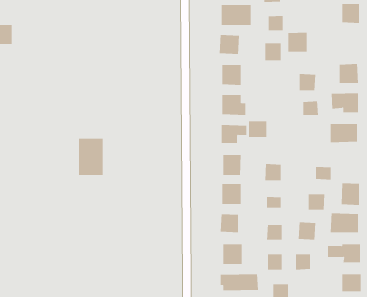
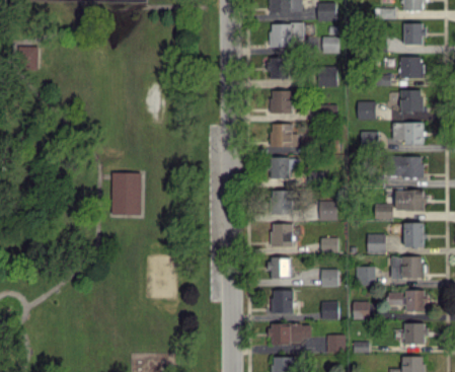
building: [288,32,308,52] -> [400,57,423,79]
building: [248,120,267,138] -> none
building: none -> [395,191,427,212]

